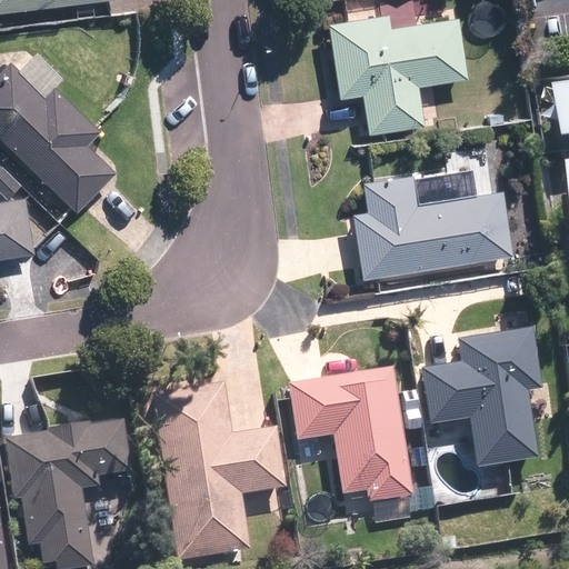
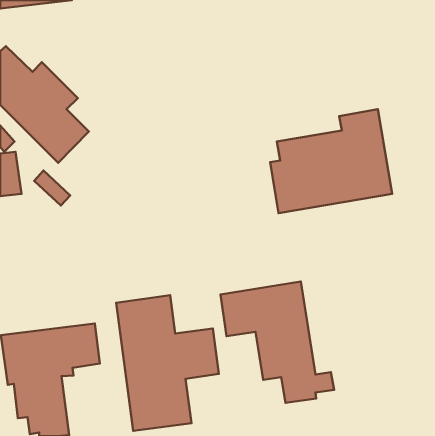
building: [329,13,467,136] -> none
building: [422,328,542,469] -> none

